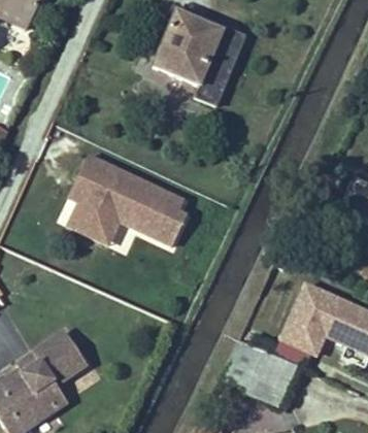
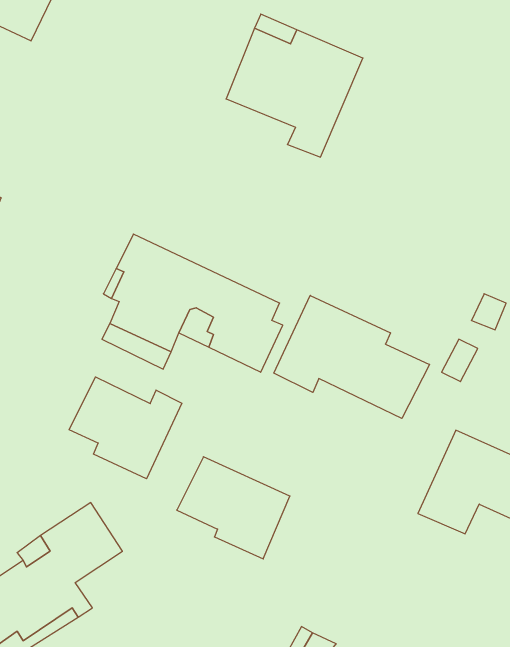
building: none -> [274,295,430,418]
building: none -> [69,377,182,479]
building: [222,339,296,406] -> [177,457,290,559]

